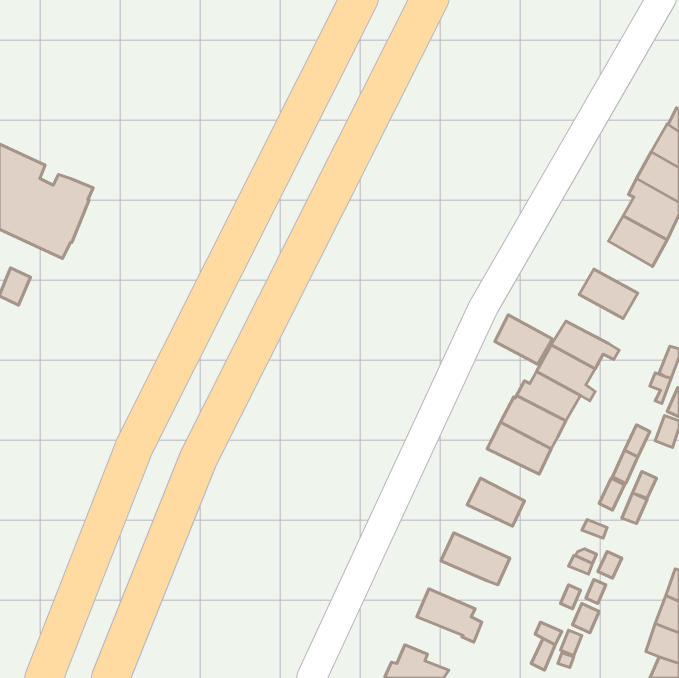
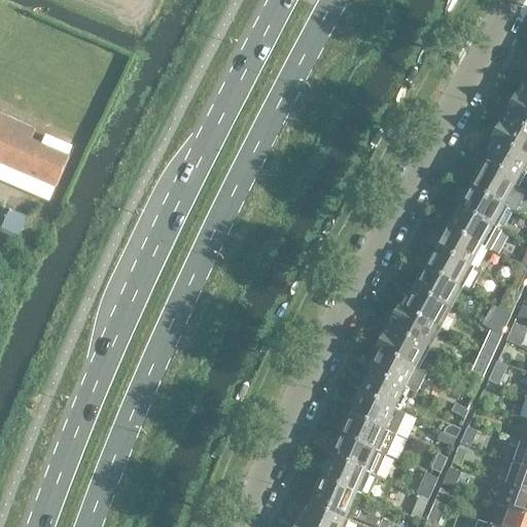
building: none -> [459,186,511,230]
building: [495,315,552,364] -> [437,227,482,266]
building: none -> [371,347,417,387]
building: none -> [351,390,405,431]
building: none -> [331,433,377,470]
building: none -> [313,477,366,518]

